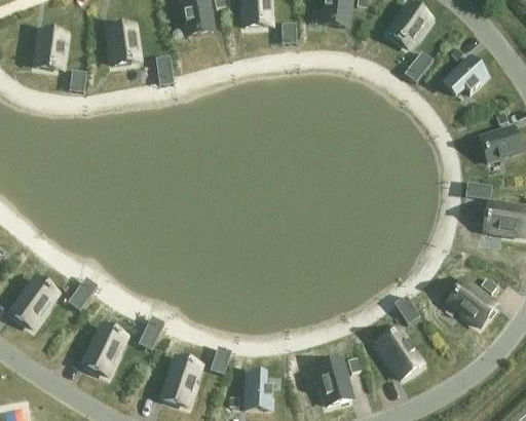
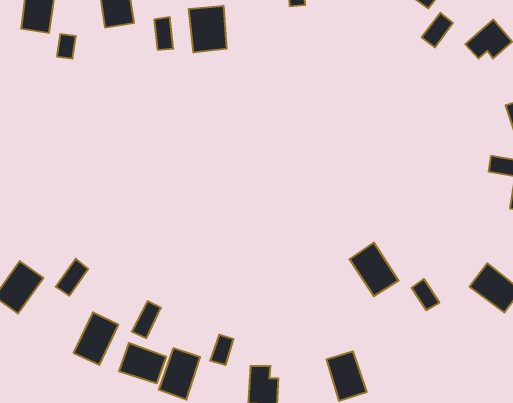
building: none -> [189,6,226,53]
building: [376,328,421,377] -> [349,243,399,296]
building: none -> [119,343,166,383]

